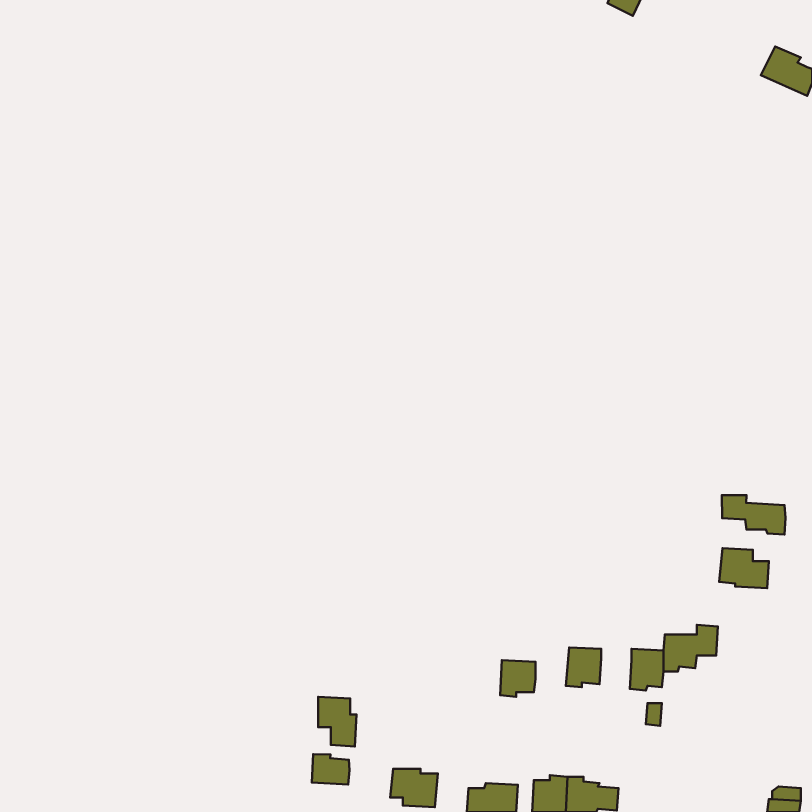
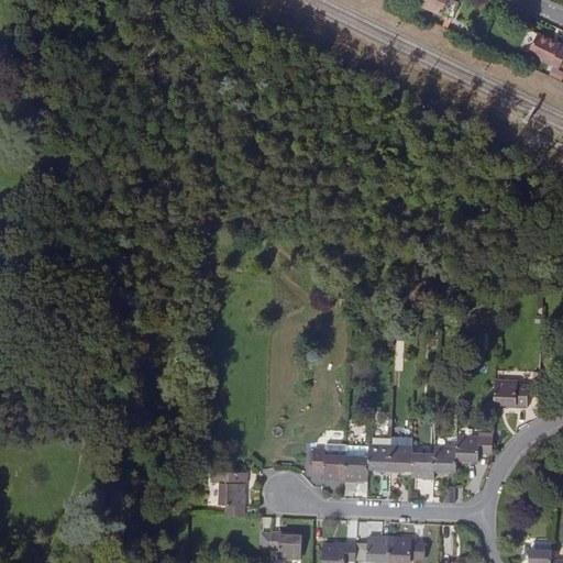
building: [722,495,786,534] -> none
building: none -> [368,445,391,472]
building: none -> [312,448,345,478]
building: none -> [412,453,434,479]
building: [312,754,350,784] -> none

